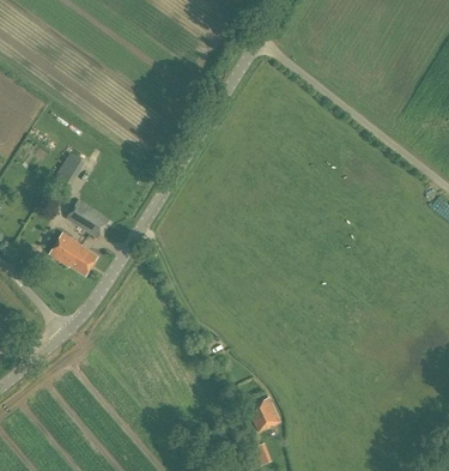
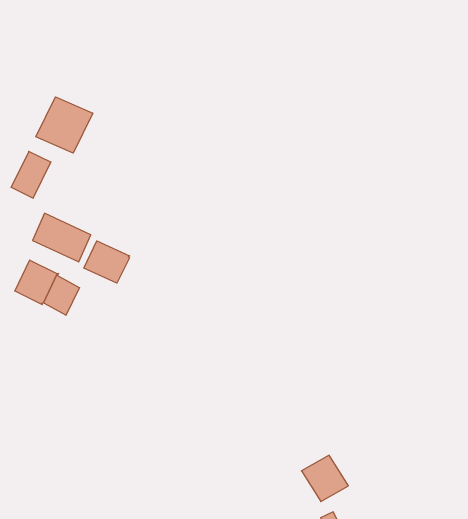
building: none -> [36,97,93,153]
building: none -> [84,241,130,283]

